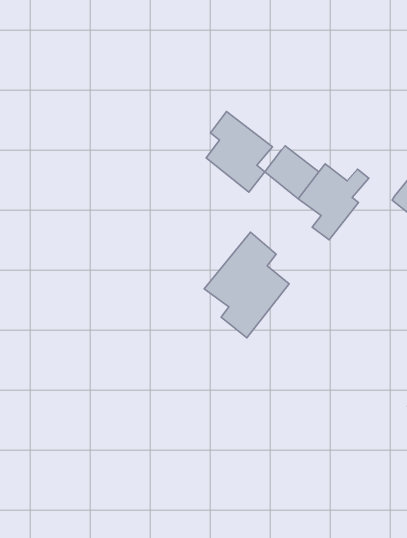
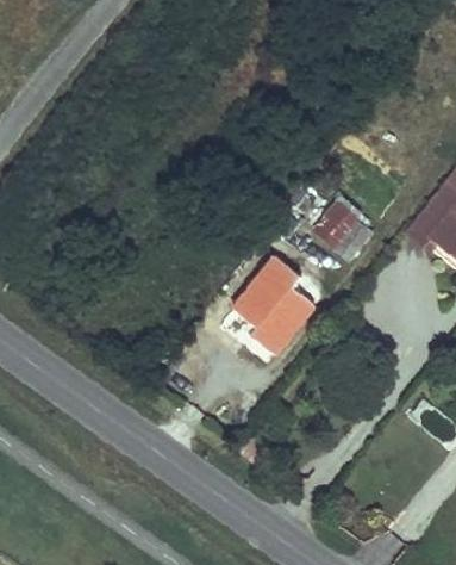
building: [206,111,272,192] -> none

